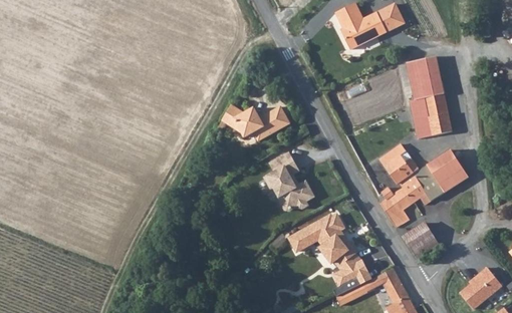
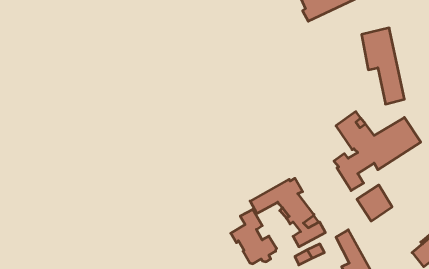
building: [409,97,431,138] -> none
building: [220,104,288,140] -> none
building: [264,152,312,210] -> [231,209,277,264]

